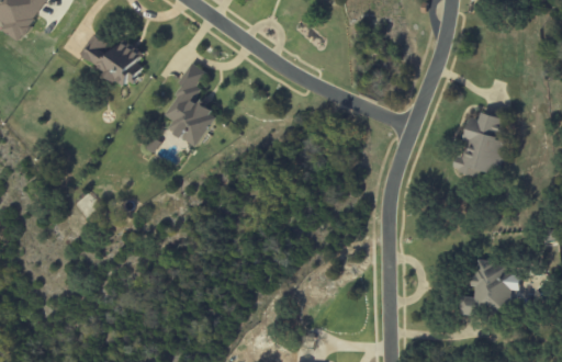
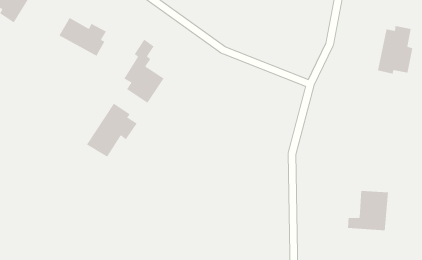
building: [458,111,505,174] -> [377,25,413,74]
building: none -> [86,103,138,158]

